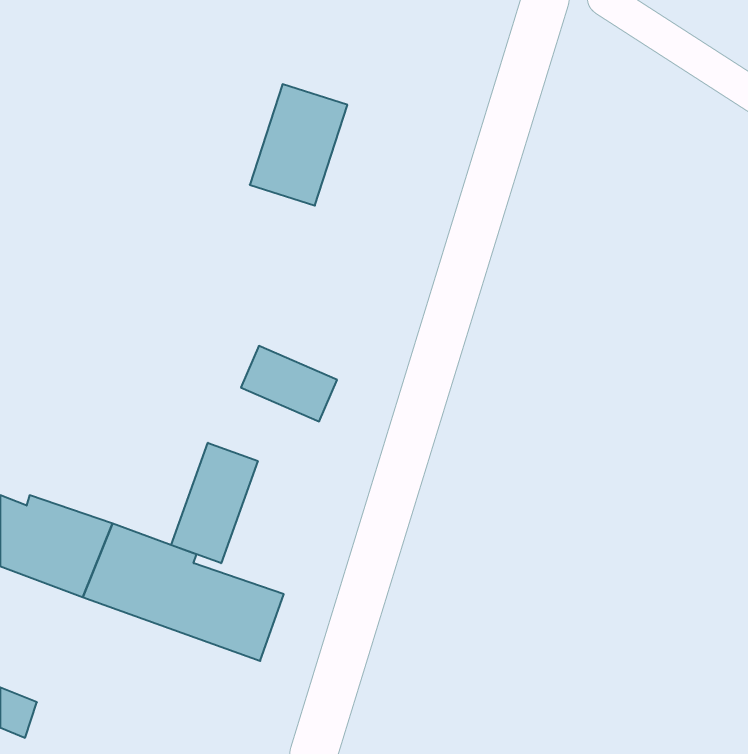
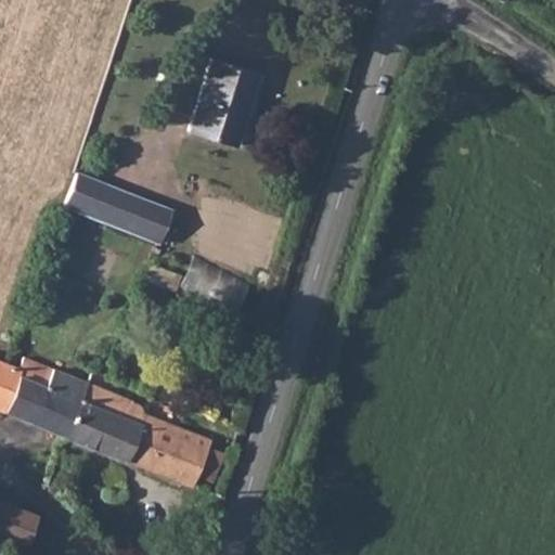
building: none -> [66,172,170,245]
building: [171,443,258,563] -> none

